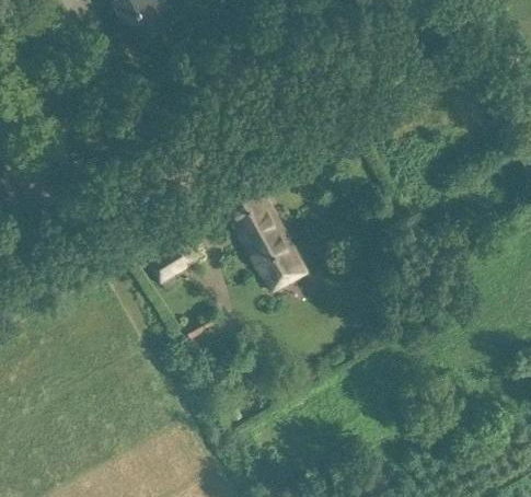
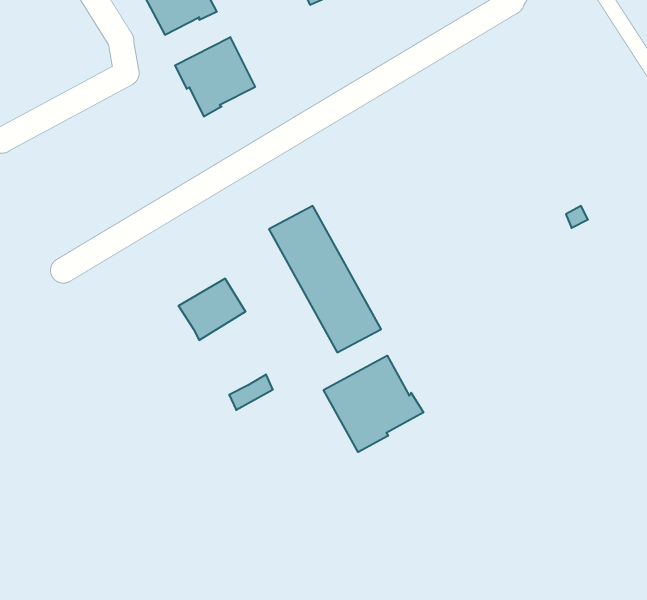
building: none -> [175,37,255,117]
building: none -> [324,356,423,452]

